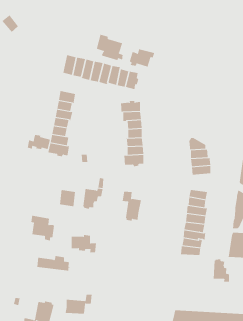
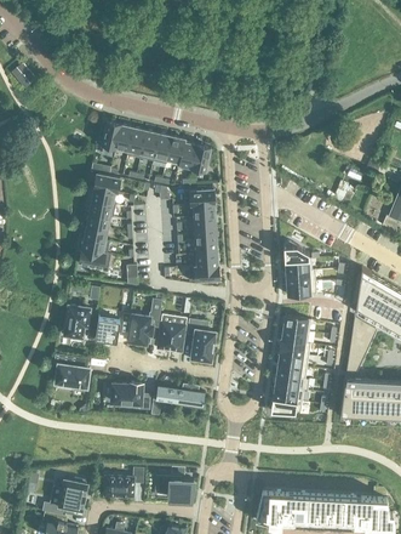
building: [96,34,123,61] -> none
building: [129,48,155,67] -> none
building: [27,134,51,150] -> none
building: none -> [64,306,88,342]
building: none -> [156,314,185,352]
building: [37,255,71,271] -> [155,384,205,407]
building: [213,258,230,283] -> none
building: none -> [156,478,193,501]

